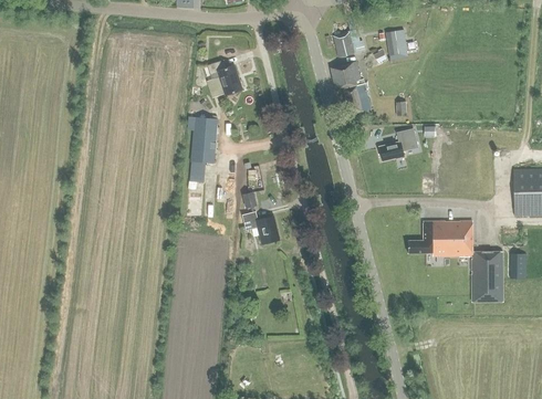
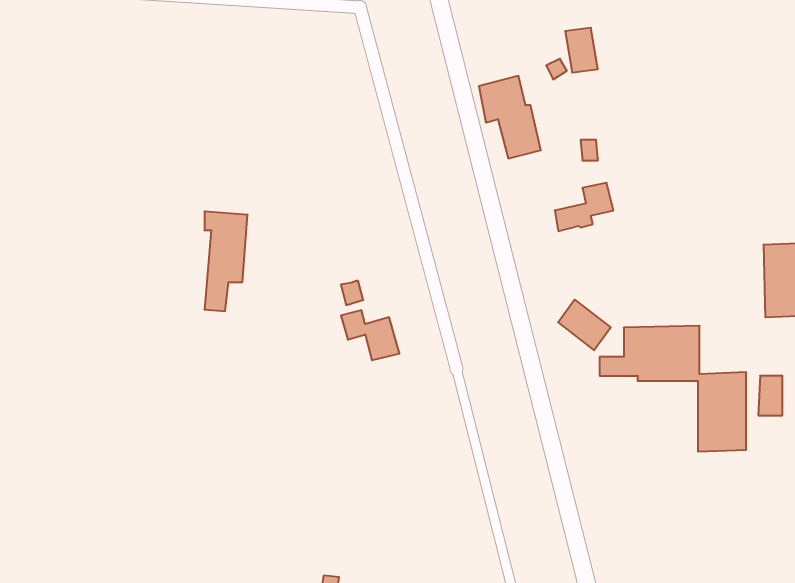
building: [334,30,365,56] -> none
building: [208,60,242,95] -> none
building: [190,117,218,181] -> [204,211,248,311]
building: none -> [558,300,611,350]

